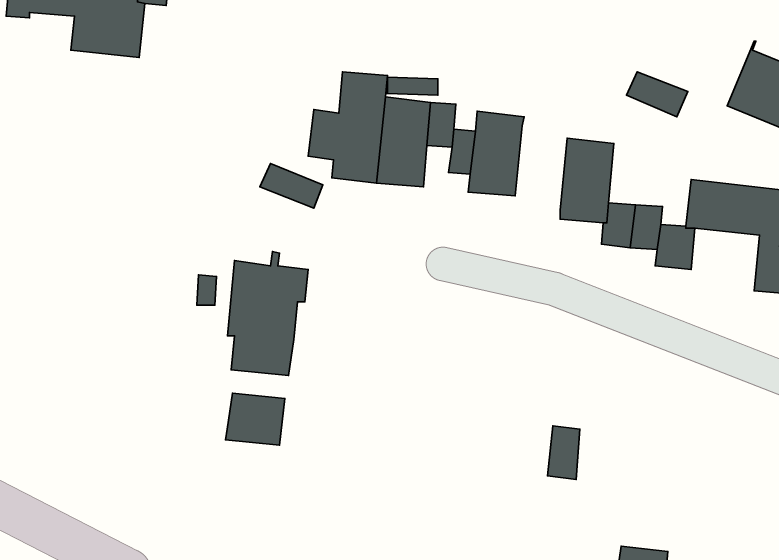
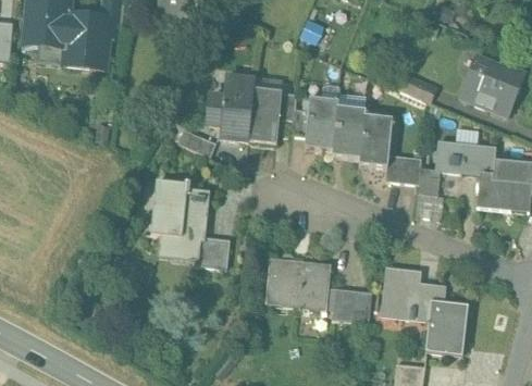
building: none -> [332,109,364,160]
building: none -> [265,259,331,310]
building: none -> [383,270,462,354]
building: [225,393,285,445] -> [194,238,230,270]
building: none -> [332,288,355,321]

